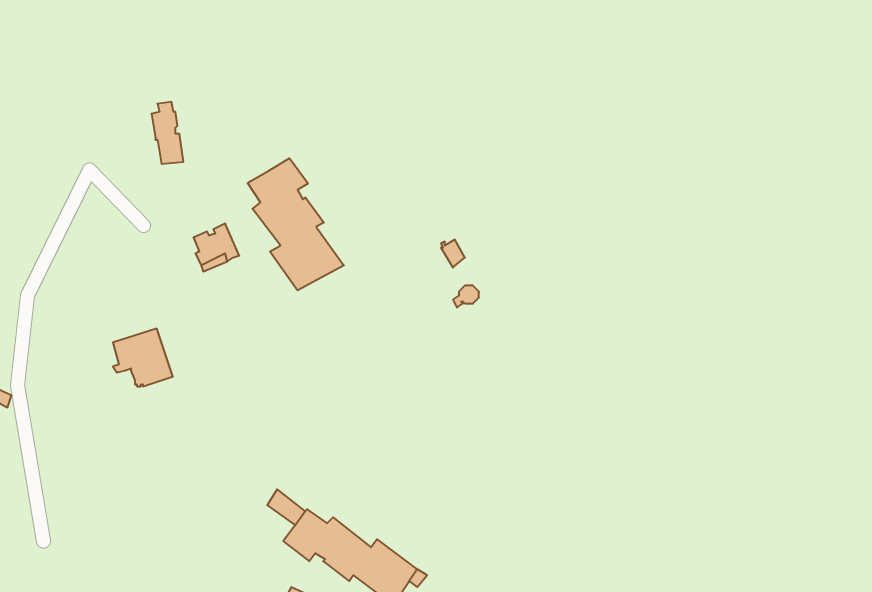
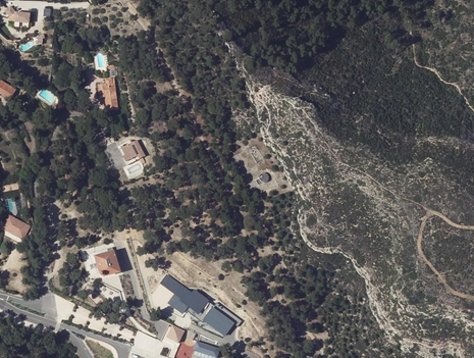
building: [248,158,344,290] -> none
building: [113,329,173,386] -> [89,246,119,275]

